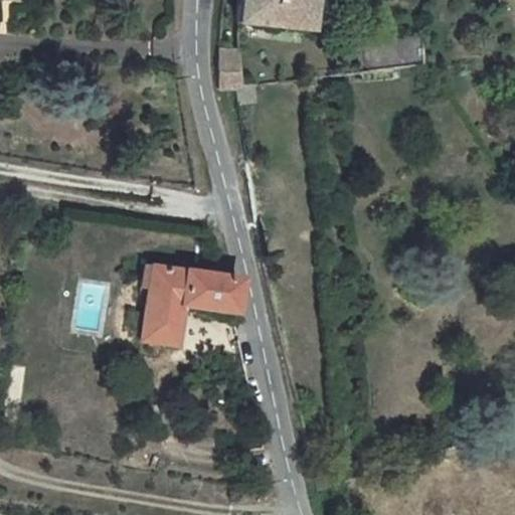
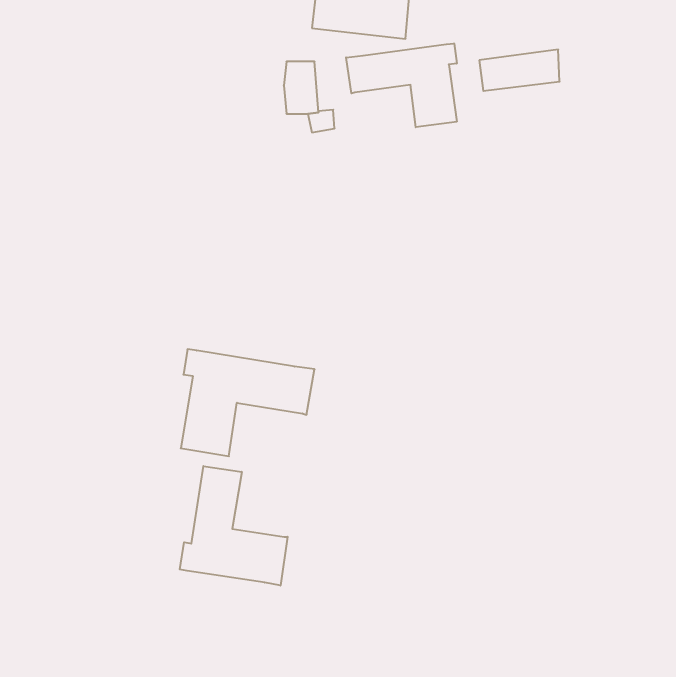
building: none -> [346,43,457,127]
building: none -> [180,466,288,586]

